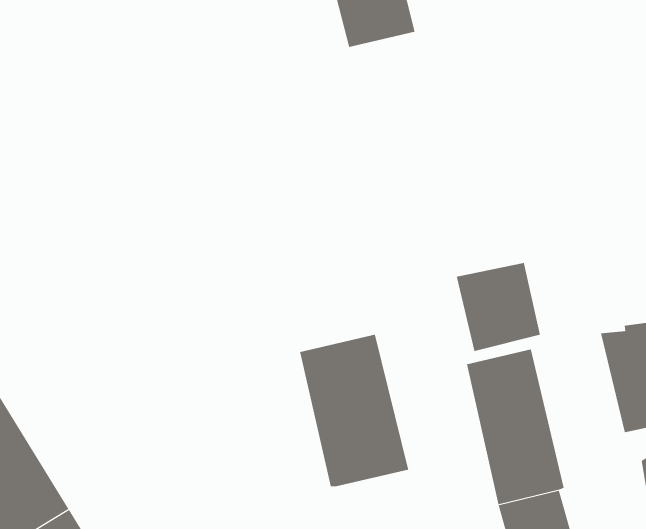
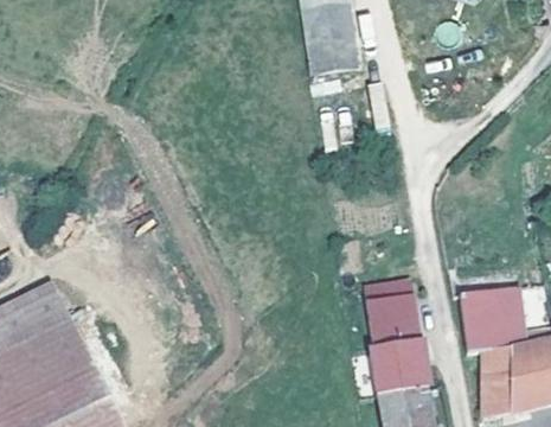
building: [456,262,541,352] -> none
building: [299,334,409,487] -> none

